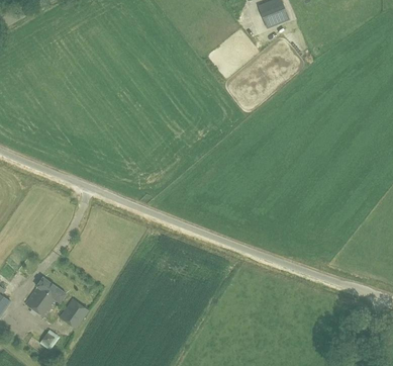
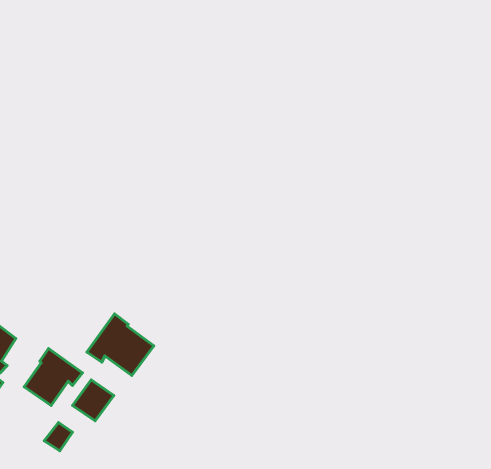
building: none -> [87,314,154,375]

